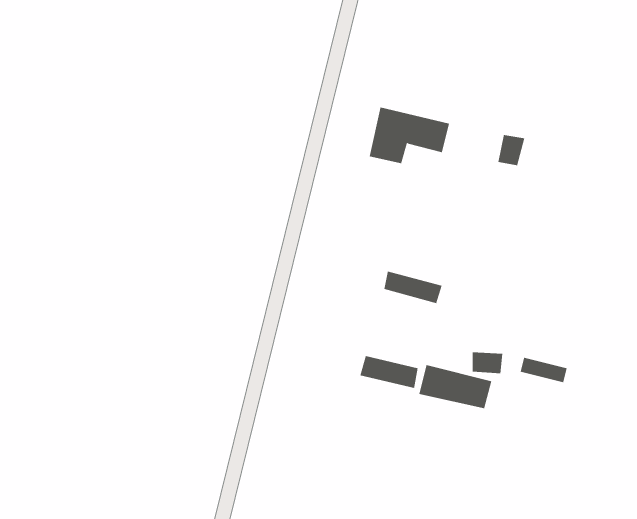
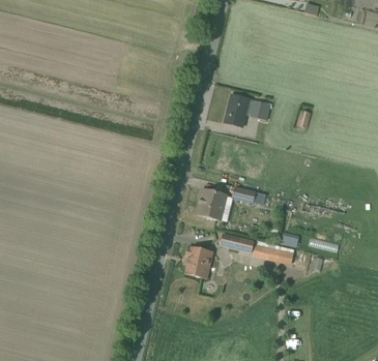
building: none -> [196,188,231,221]
building: none -> [183,246,212,279]

